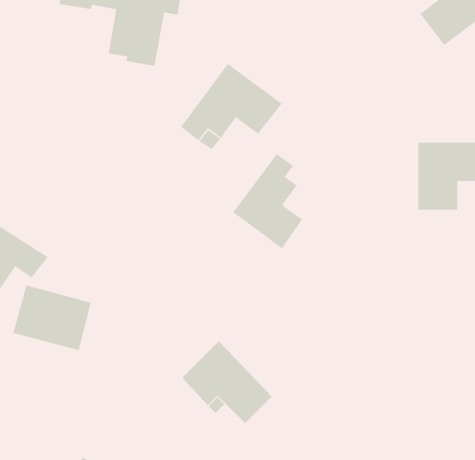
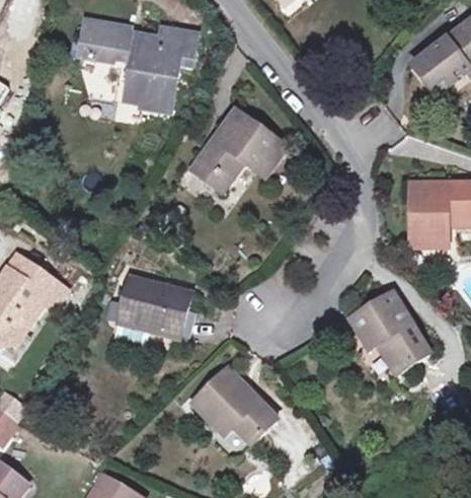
building: [233,153,303,249] -> none
building: none -> [350,291,429,372]
building: [13,285,92,351] -> [117,276,190,337]

